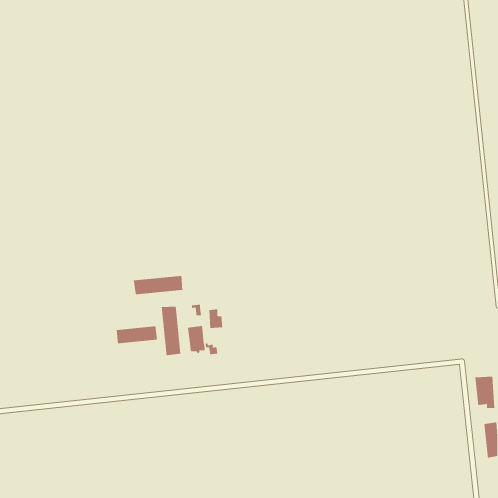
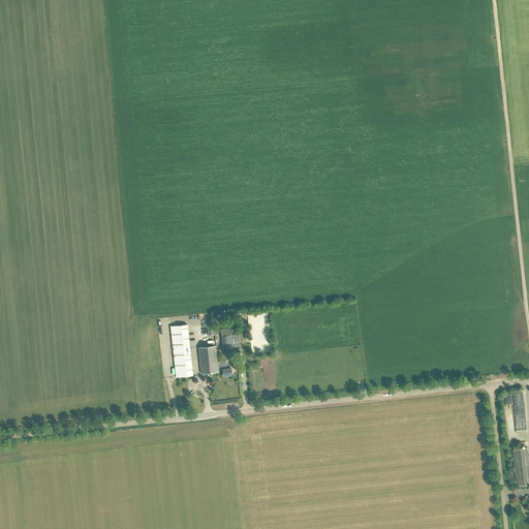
building: [133,275,183,295] -> none
building: [116,326,158,344] -> none

